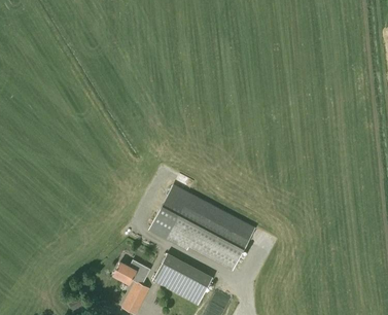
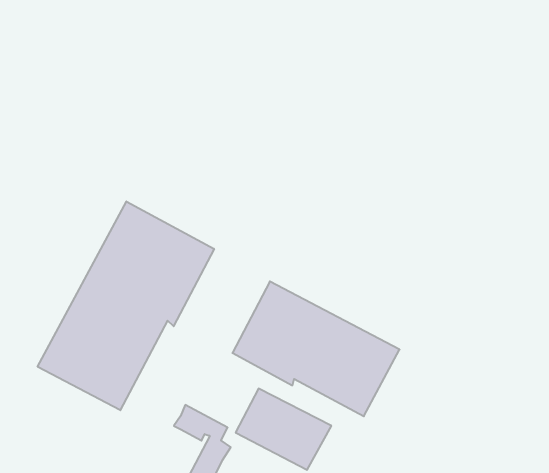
building: none -> [38,201,214,410]

